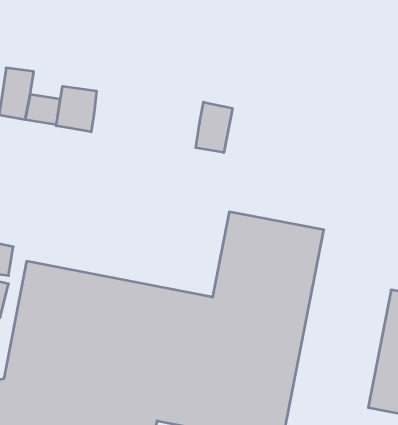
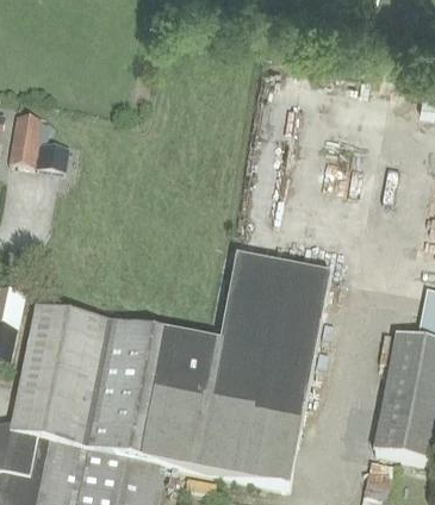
building: [56,86,96,132] -> none
building: [196,102,232,153] -> none

